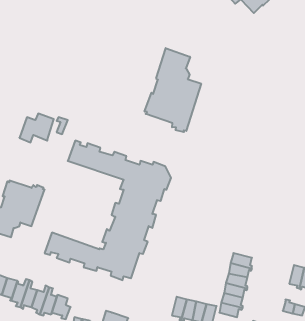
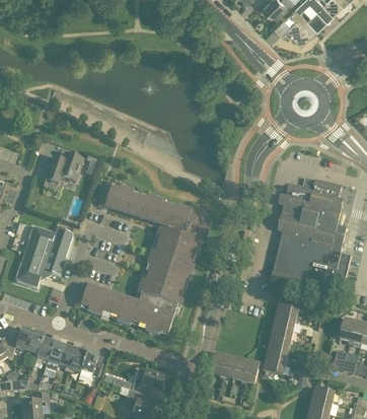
building: [145,48,201,132] -> none
building: none -> [271,177,351,292]

